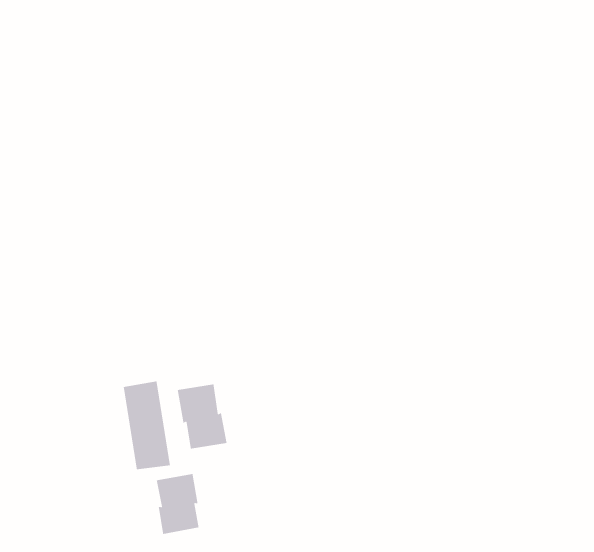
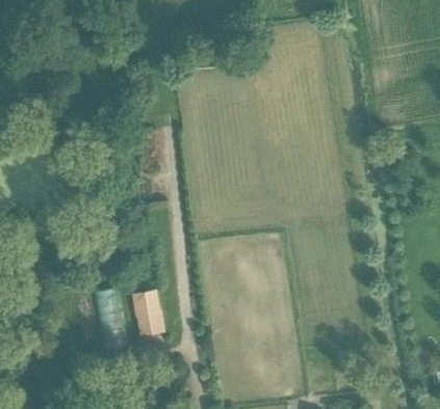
building: [156,473,200,535] -> none

